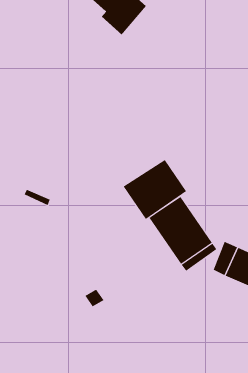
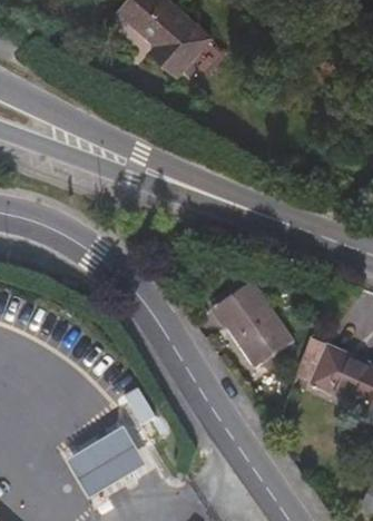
building: [123,159,187,220] -> none
building: none -> [66,426,146,499]

